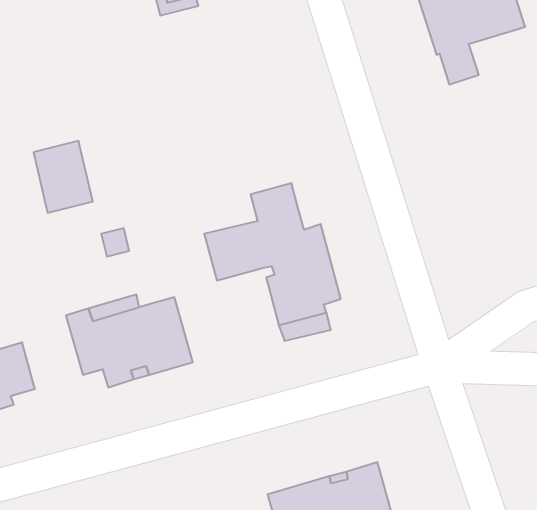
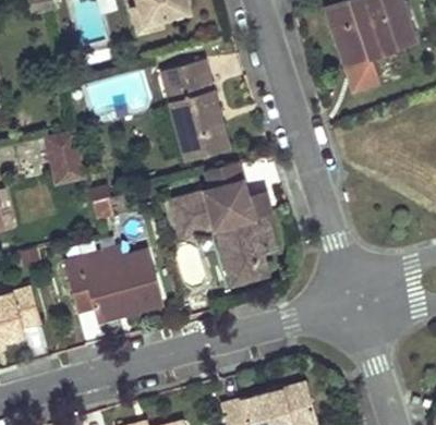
building: none -> [160,60,229,159]

